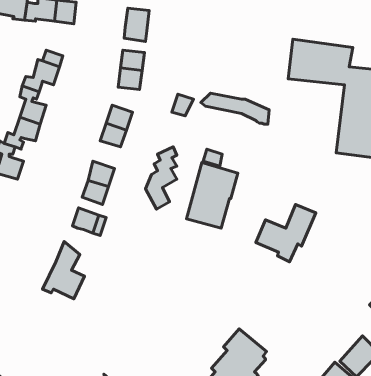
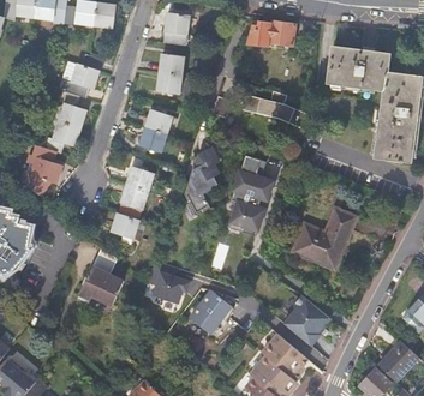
building: none -> [244,22,293,48]
building: none -> [149,262,191,304]
building: none -> [190,289,233,332]
building: none -> [281,295,329,346]

